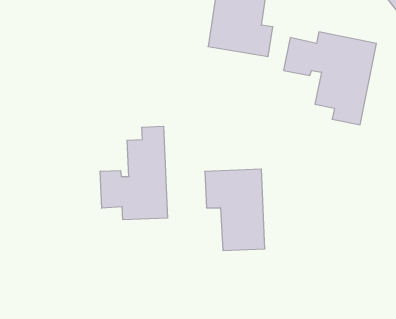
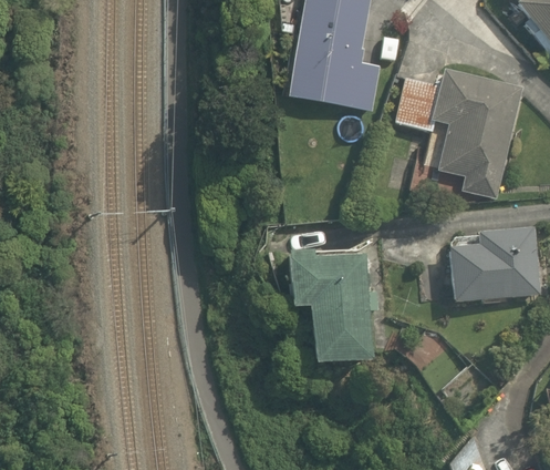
building: [100,126,167,220] -> none
building: none -> [449,227,540,299]

